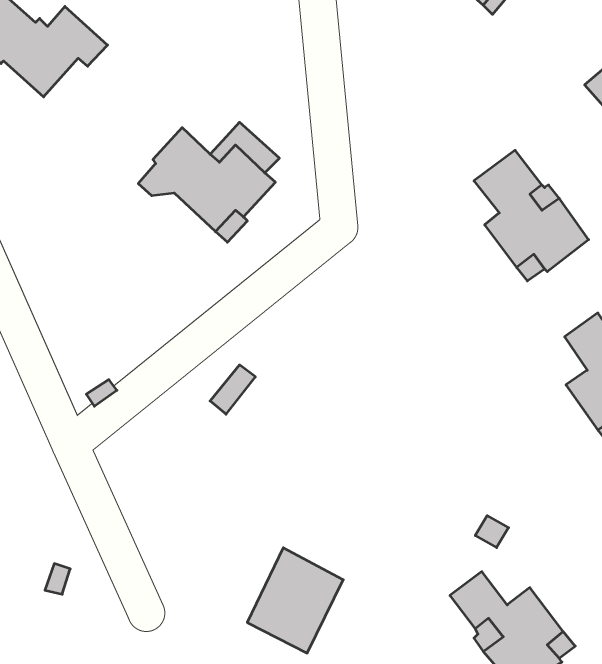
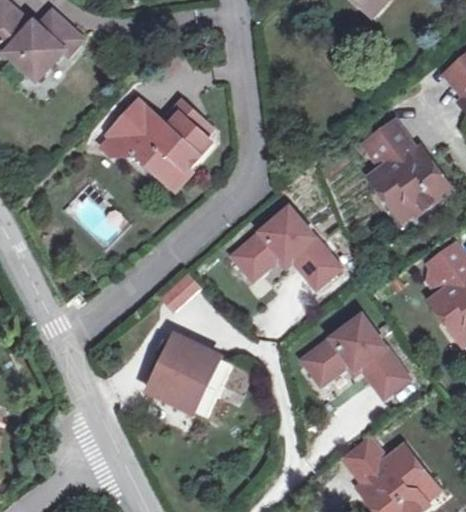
building: none -> [231,206,339,287]
building: none -> [302,315,409,398]
building: [247,548,343,653] -> [149,336,221,415]

